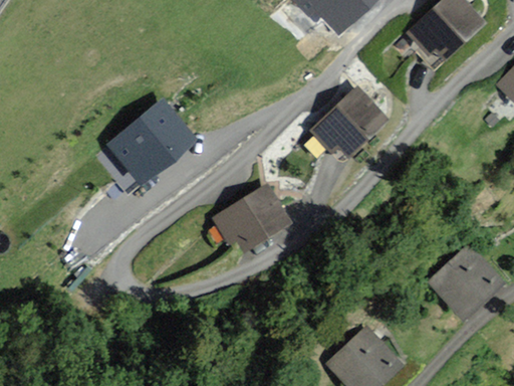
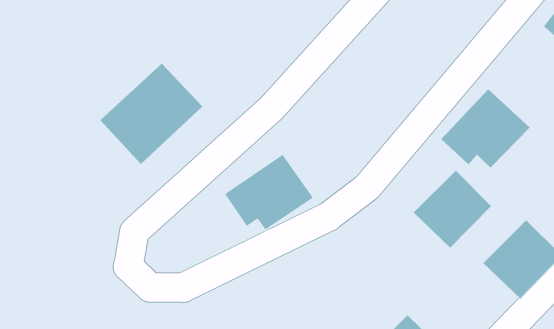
building: [308,86,388,157] -> [441,88,531,169]
building: none -> [413,170,492,249]

